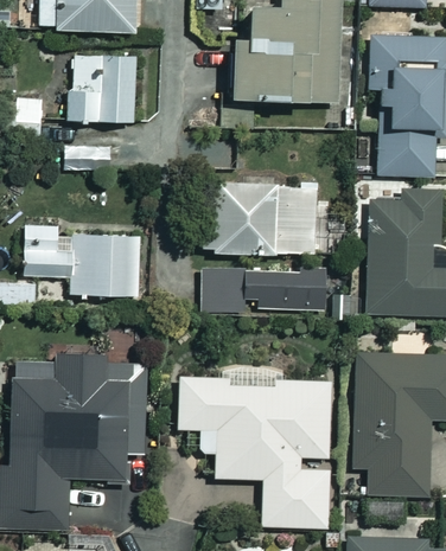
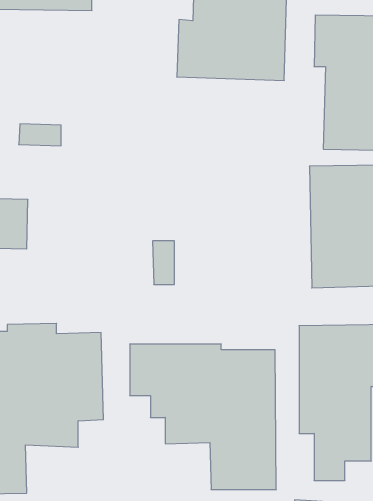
building: [66,56,135,122] -> none
building: [205,184,316,254] -> none
building: [71,236,141,296] -> none
building: [246,270,321,310] -> none

